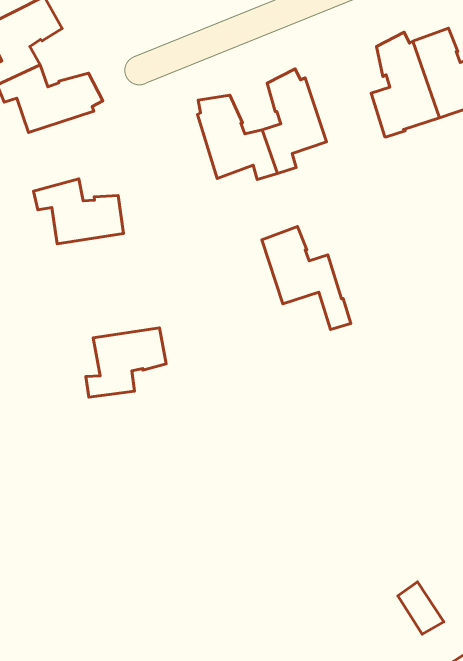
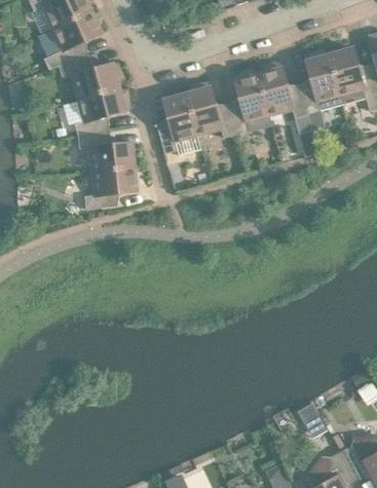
building: none -> [75,87,130,137]
building: none -> [157,93,197,154]
building: [262,227,351,330] -> [258,67,312,135]
building: [86,328,166,397] -> [85,167,138,210]

